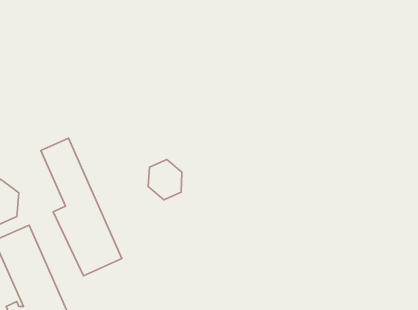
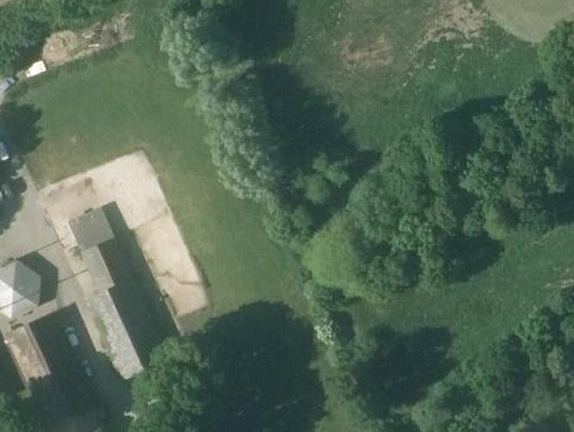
building: [148,159,182,200] -> none

